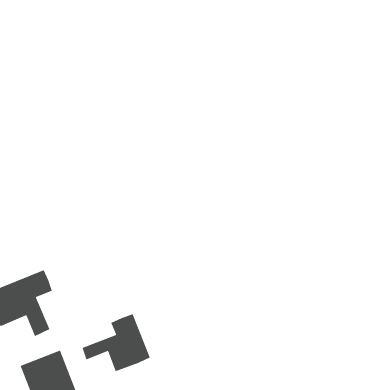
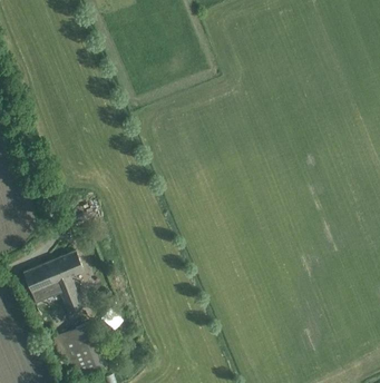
building: [82,313,151,372] -> none

